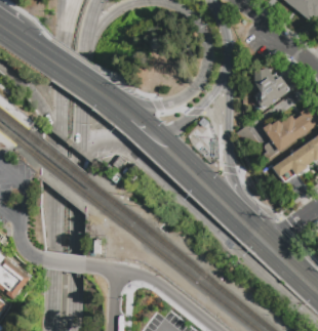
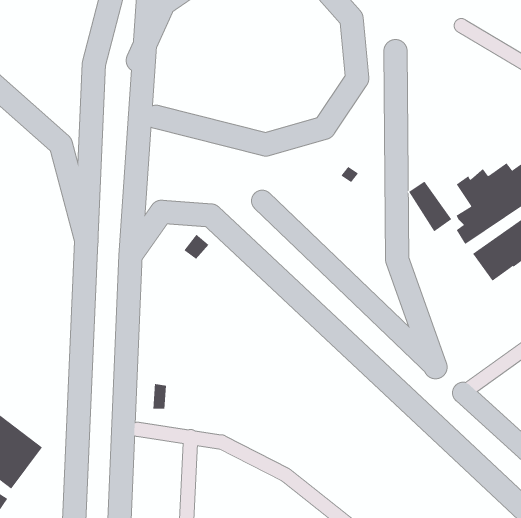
building: [253,66,291,108] -> none

